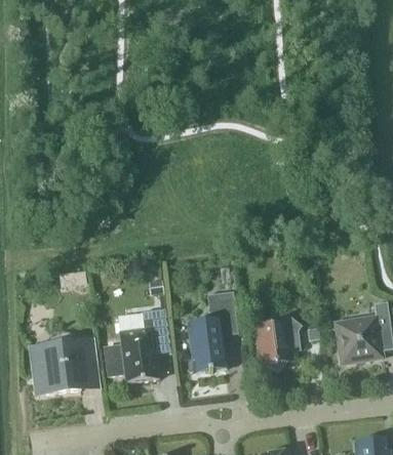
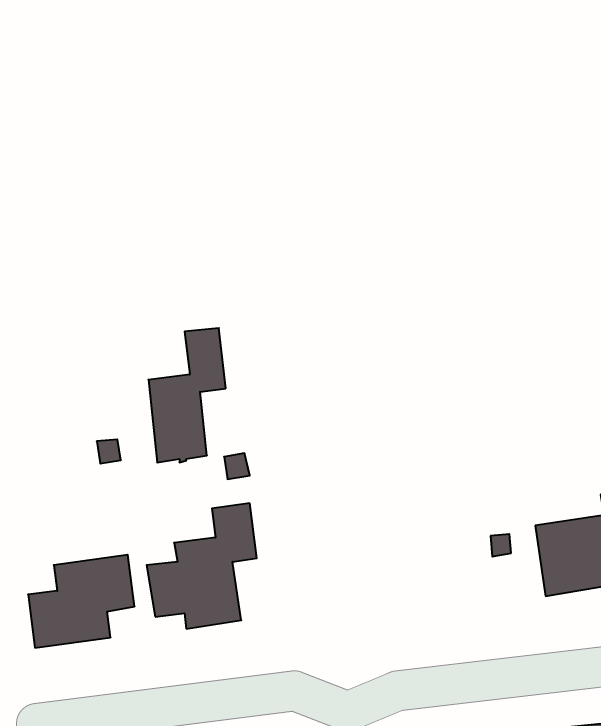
building: [190,291,236,371] -> [148,328,226,462]
building: [254,313,301,367] -> none

